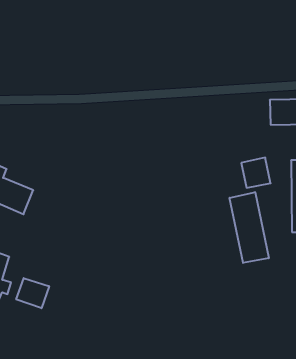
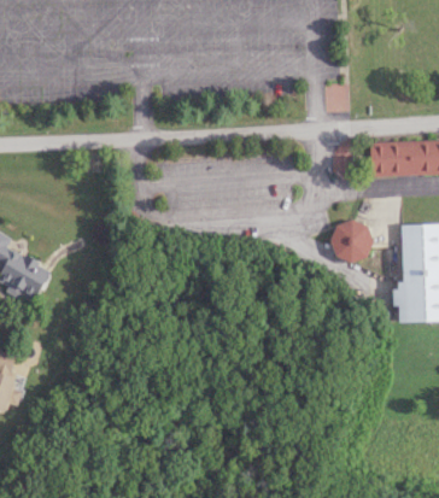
building: [230,192,269,263] -> none
building: [16,278,49,308] -> none

